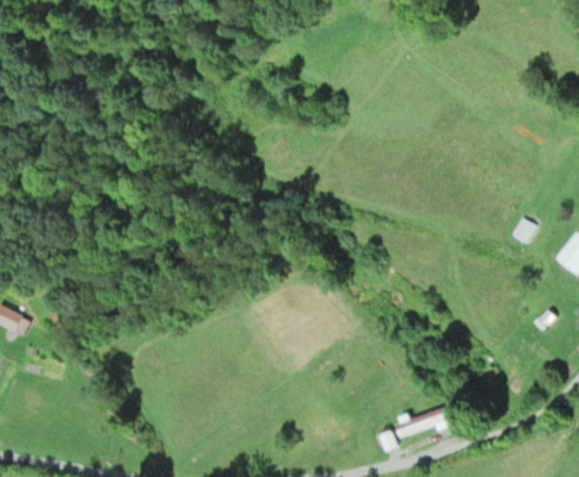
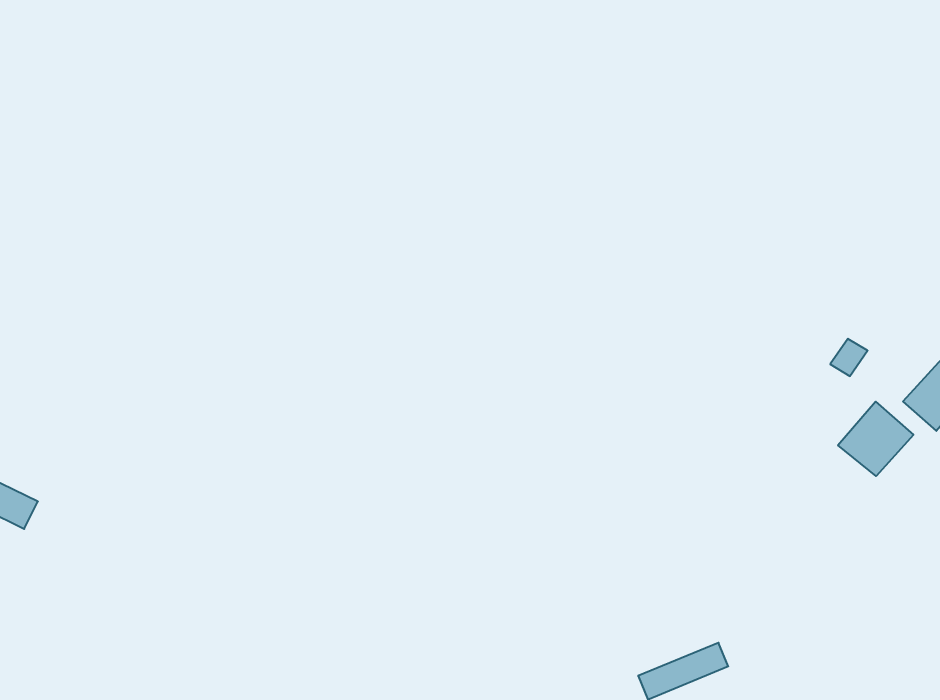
building: none -> [838,402,913,476]

